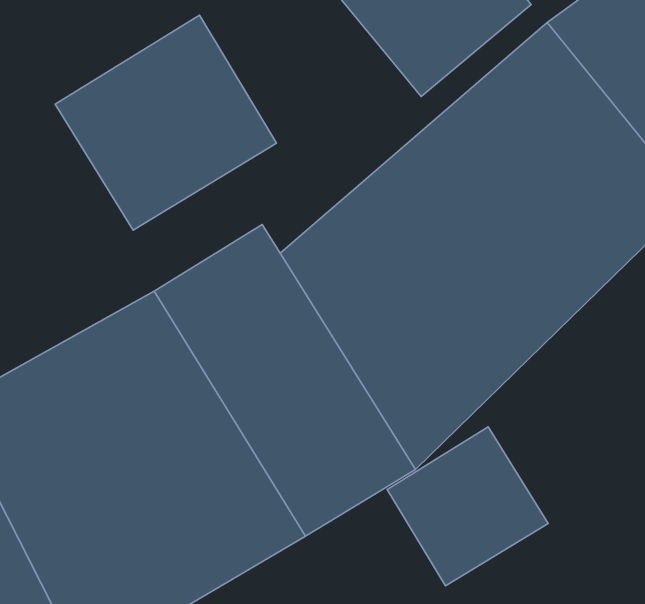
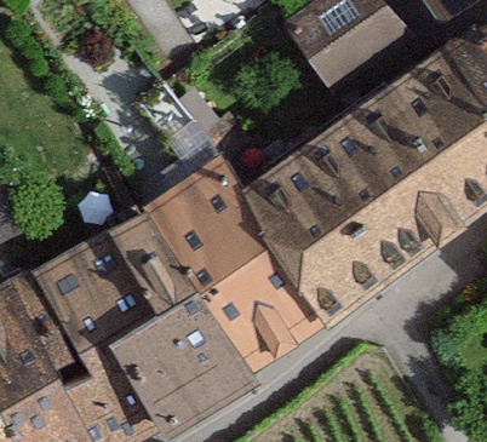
building: [55,15,277,230] -> none
building: [387,427,548,586] -> none

